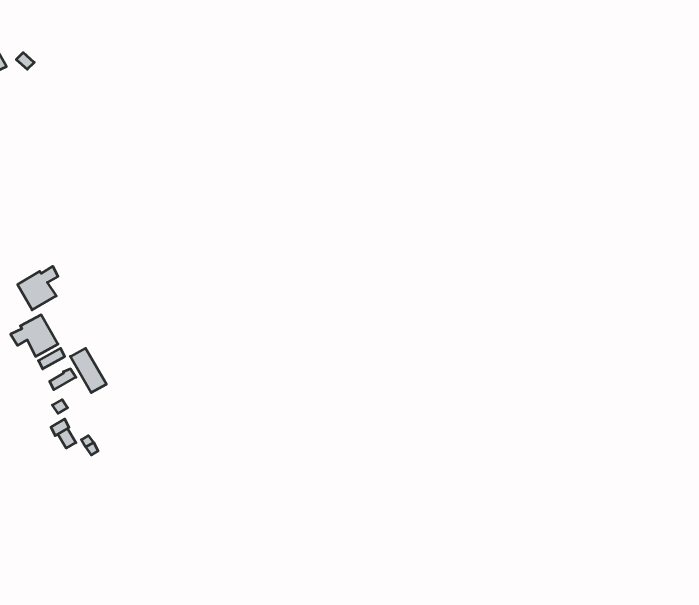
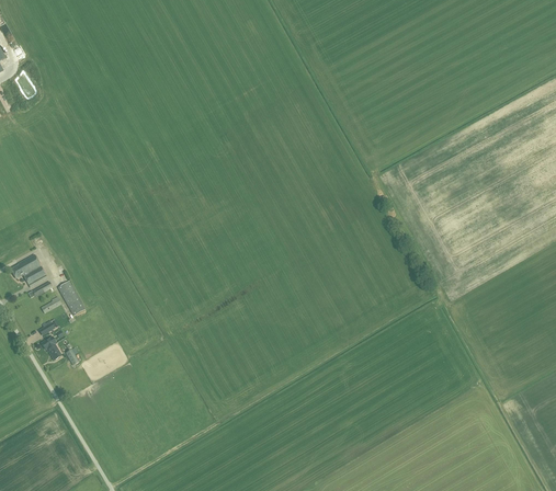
building: [18,266,58,310] -> none

